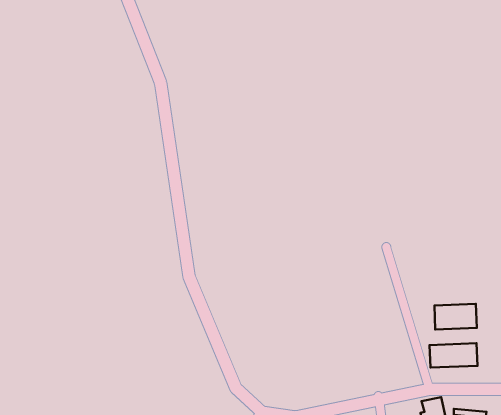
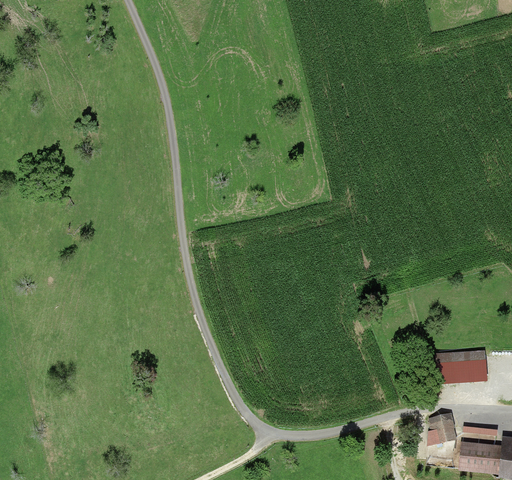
building: [434,304,477,329] -> none

